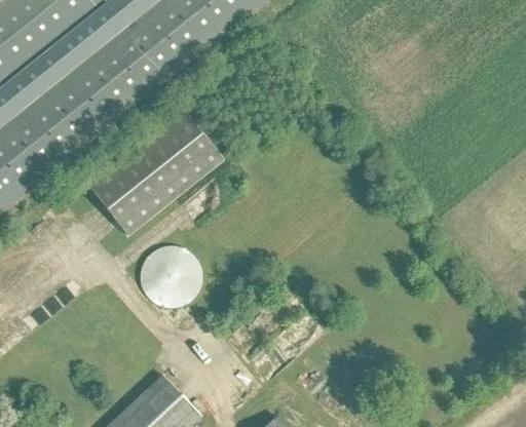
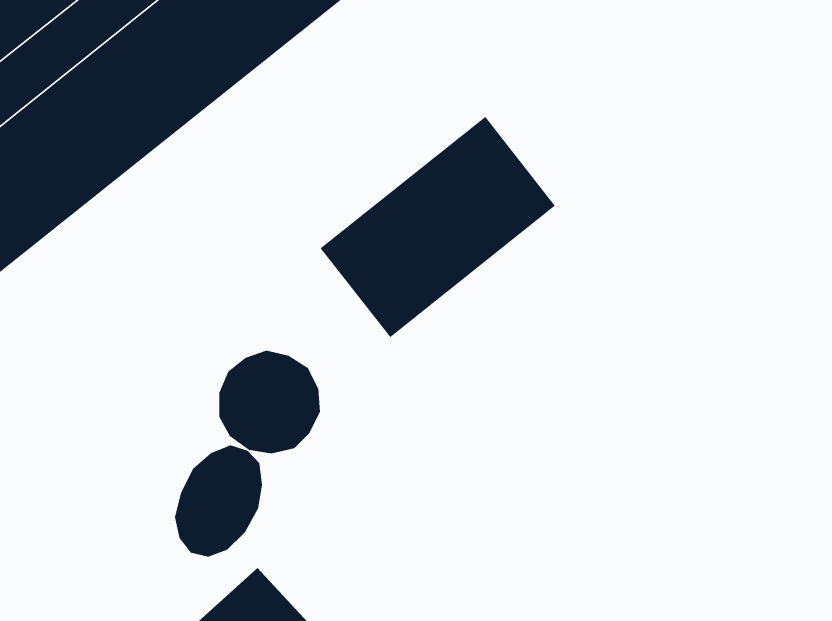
building: [86,106,224,235] -> [319,116,556,338]
building: none -> [174,444,263,557]

